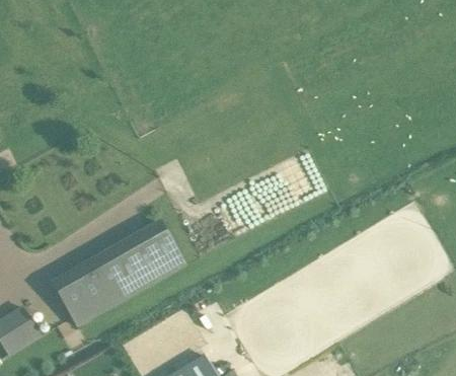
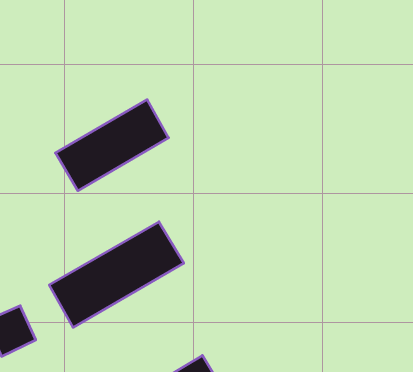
building: none -> [55,100,169,191]

